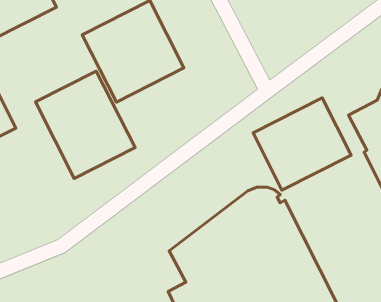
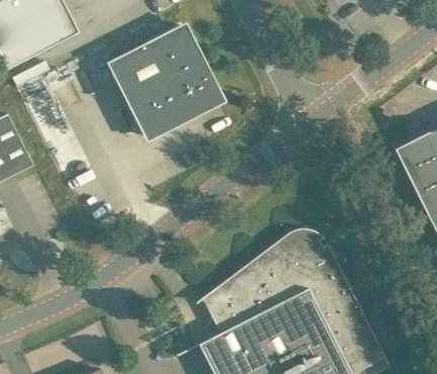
building: [36,71,135,178] -> none
building: [253,98,351,190] -> none

